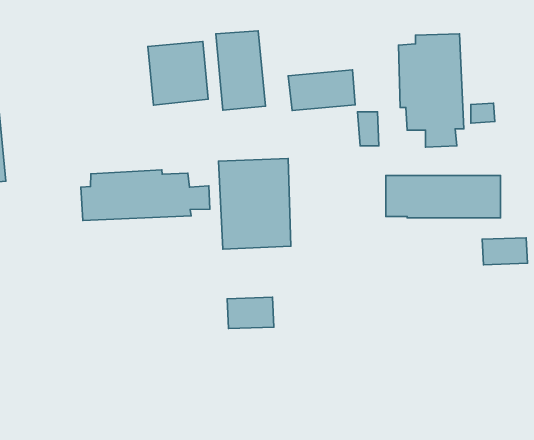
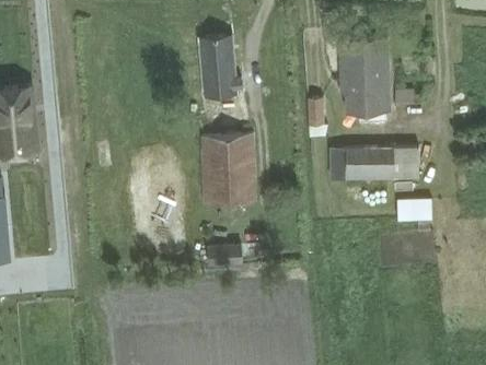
building: [148,42,208,105] -> none
building: [288,70,355,111] -> none
building: [81,170,210,220] -> none

